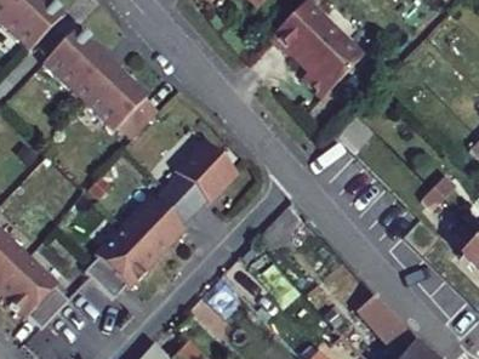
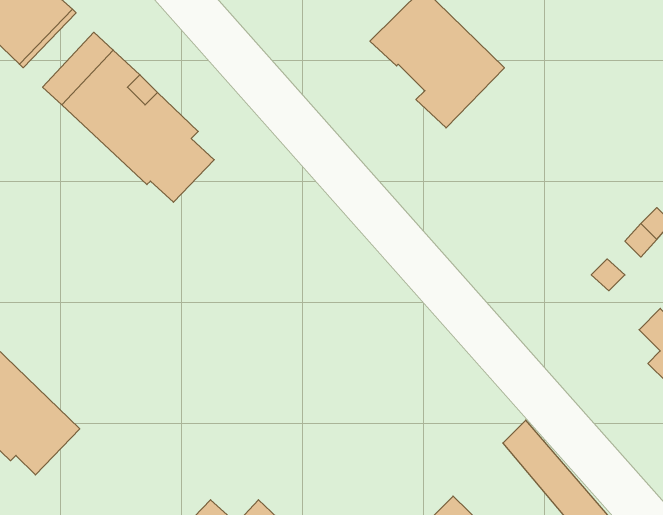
building: [87,142,246,301] -> none

